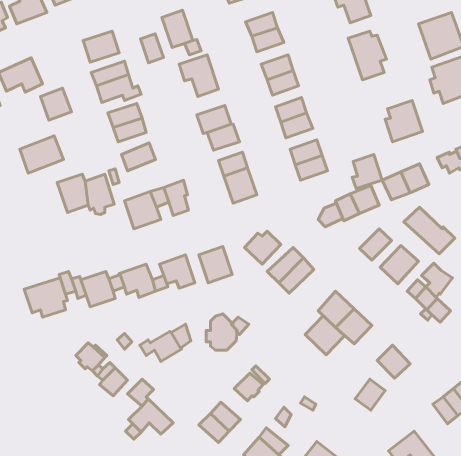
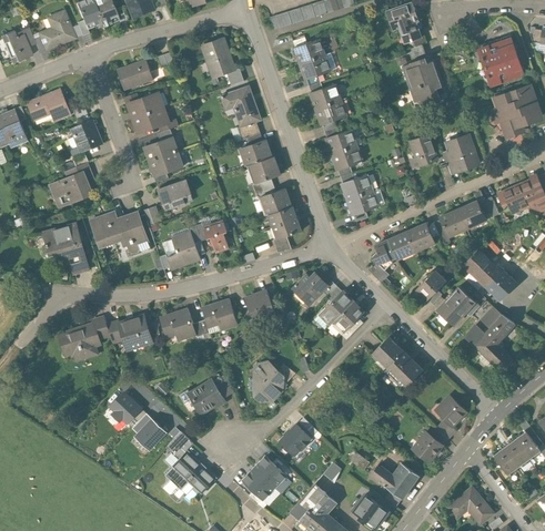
building: [140,34,163,63] -> none
building: [352,154,382,189] -> [406,133,438,170]
building: none -> [42,222,92,277]
building: [305,316,344,355] -> none
building: none -> [372,463,418,497]

